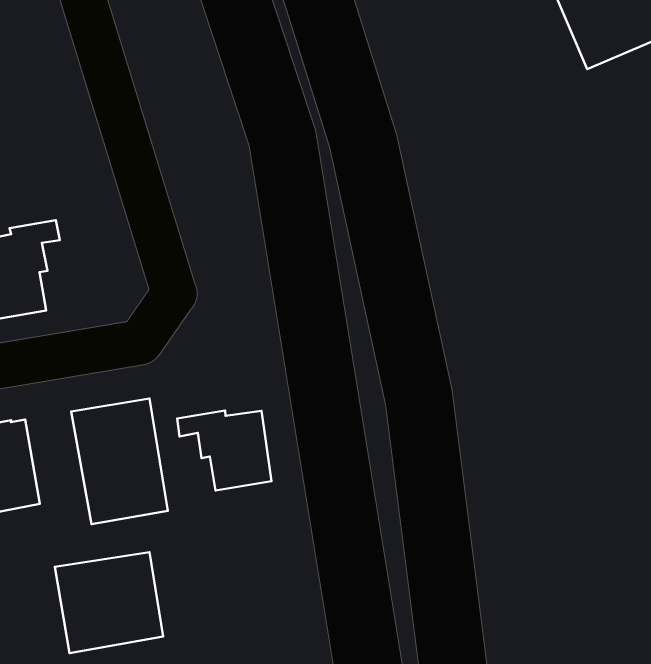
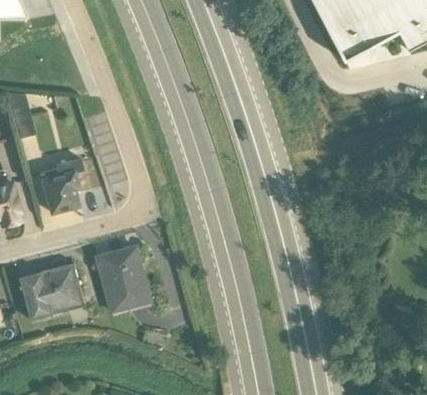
building: [177,410,272,491] -> none
building: [55,552,163,653] -> none

